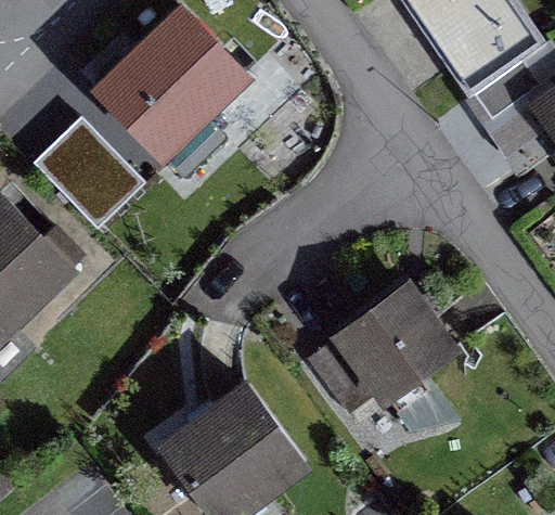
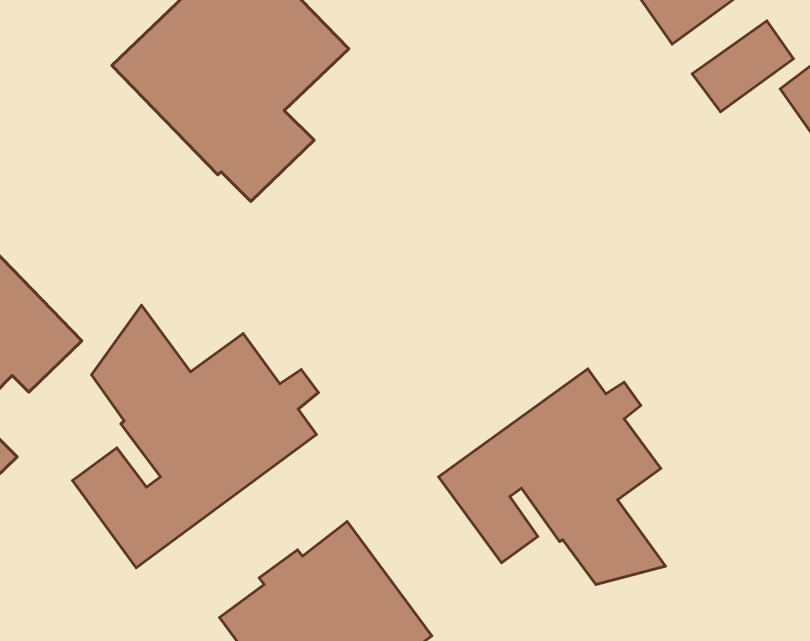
building: [36,114,131,209] -> none
building: none -> [72,305,318,568]

